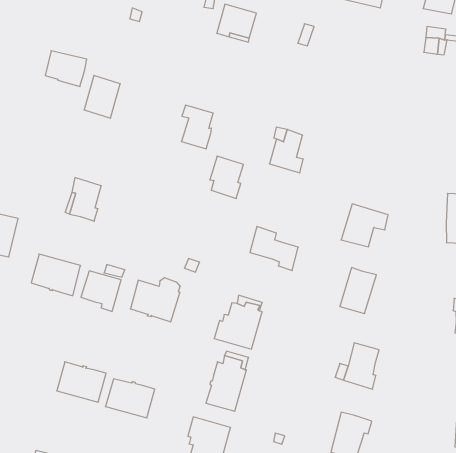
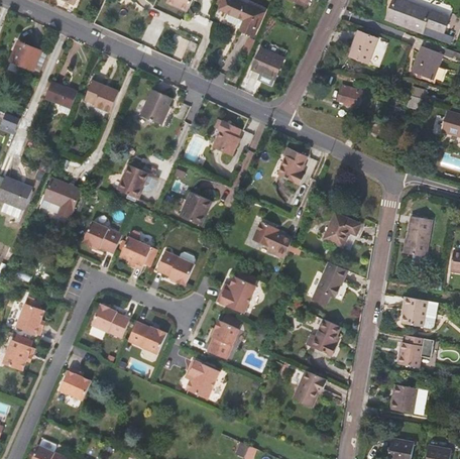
building: none -> [337,84,361,107]
building: [45,51,87,87] -> [85,81,118,111]
building: [210,156,243,199] -> [183,191,210,225]

